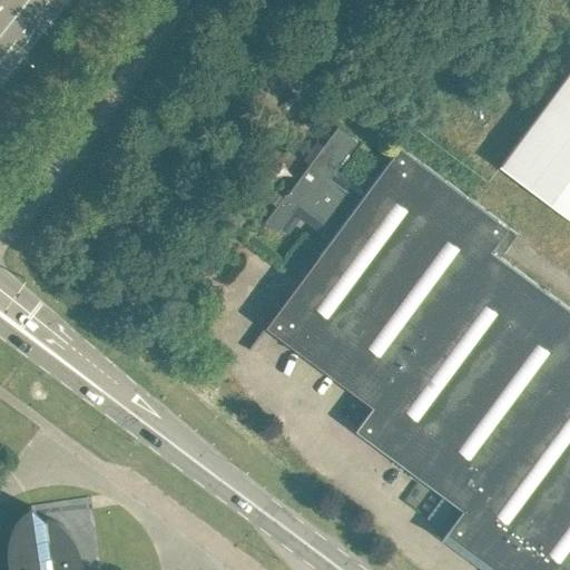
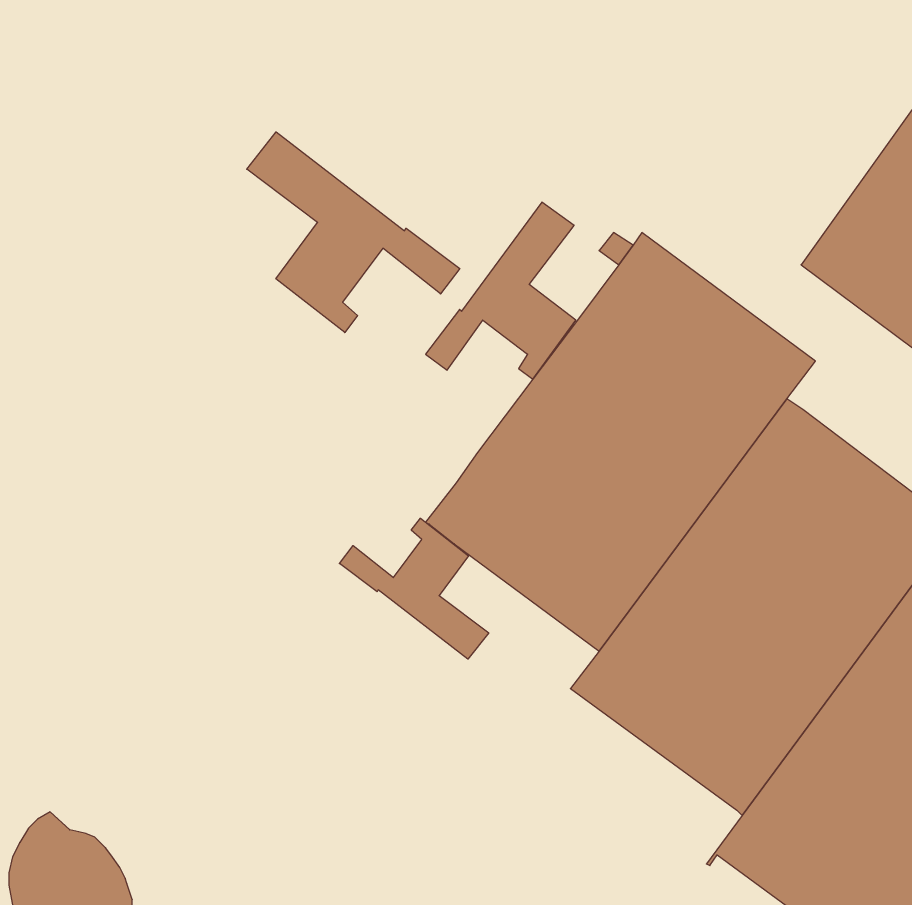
building: none -> [247,132,460,333]
building: none -> [339,518,489,659]

